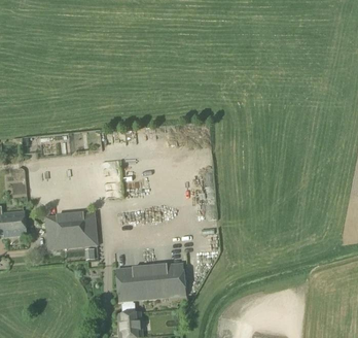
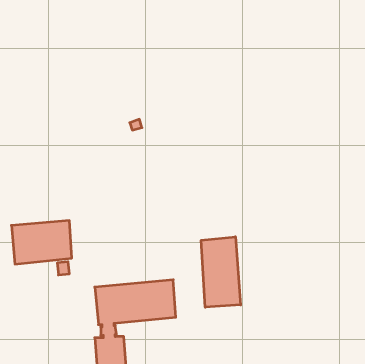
building: none -> [201,237,241,307]

